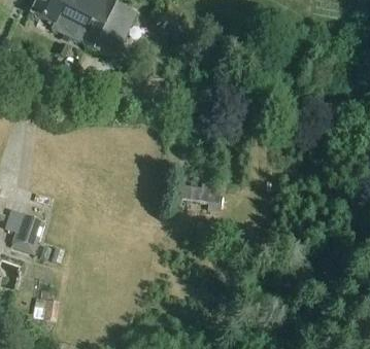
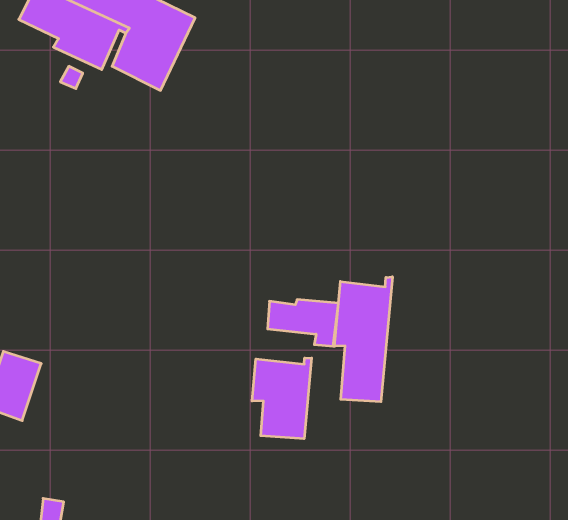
building: none -> [335,277,392,402]
building: none -> [252,358,312,439]

